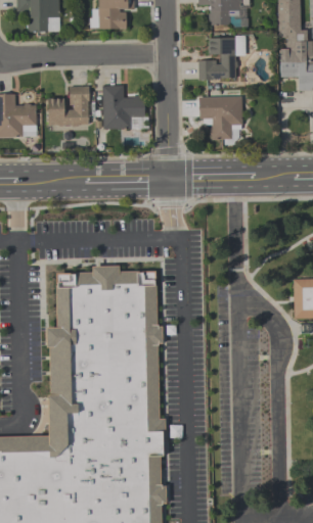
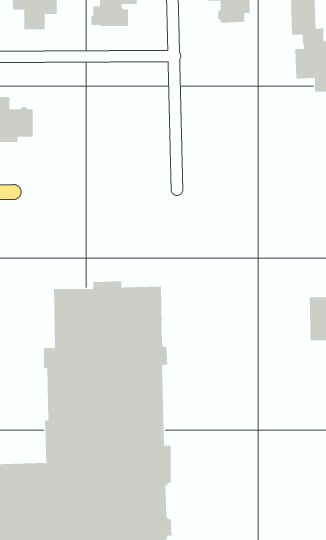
building: [199,36,248,81] -> none
building: [49,86,90,127] -> none
building: [103,86,146,130] -> none
building: [199,97,243,140] -> none

